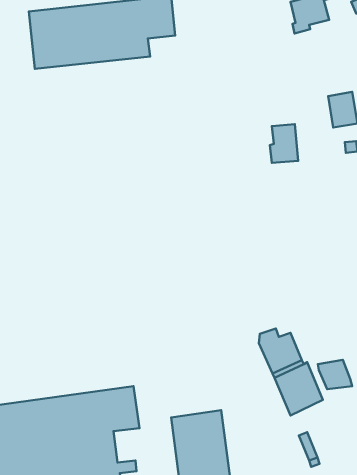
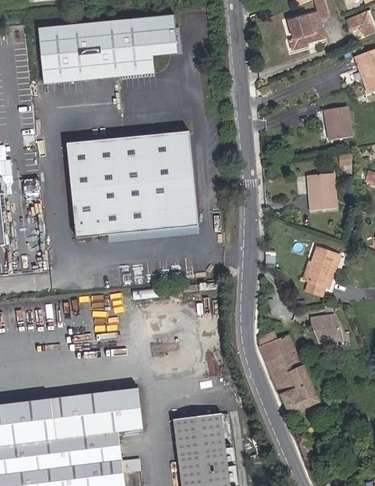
building: none -> [66,131,198,239]
building: [270,124,298,163] -> [308,173,335,210]
building: none -> [304,247,339,295]
building: [318,360,352,389] -> [311,313,344,341]

